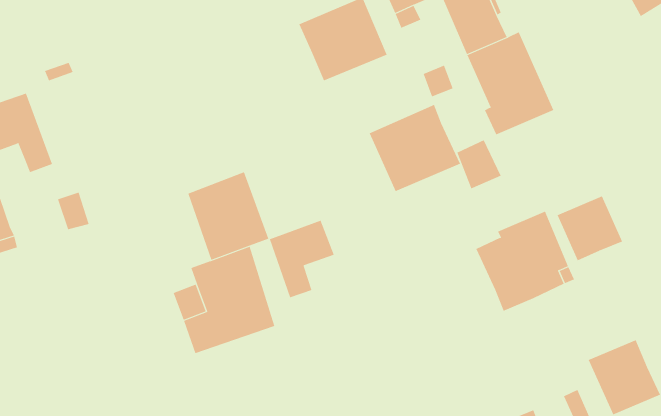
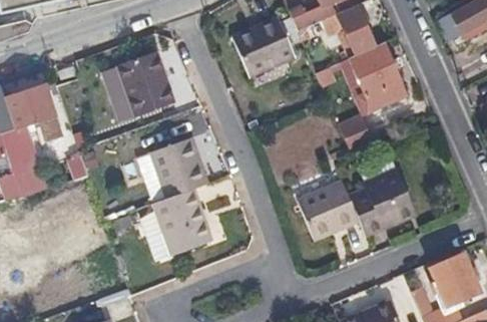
building: none -> [104,56,172,116]
building: [369,104,461,192] -> [301,178,364,238]
building: [557,195,623,261] -> none
building: [269,220,335,298] -> none

